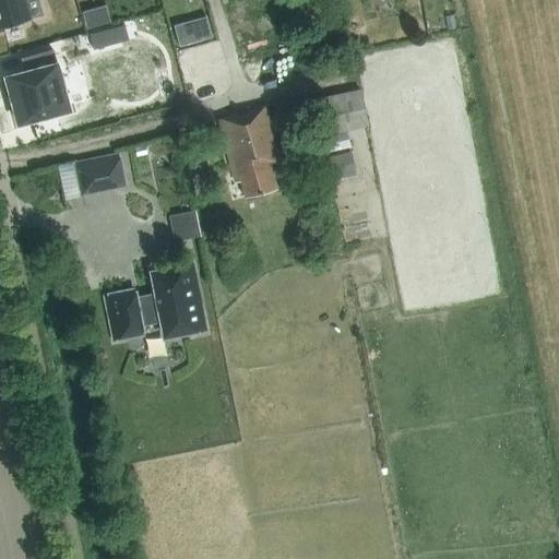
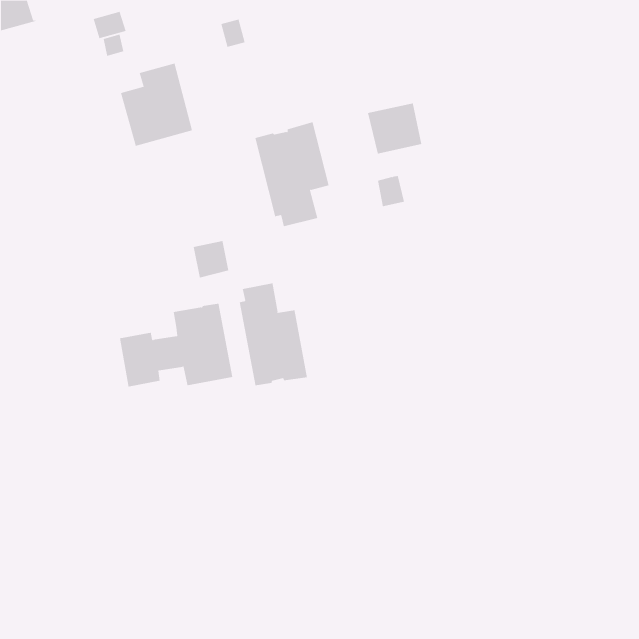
building: [7,51,70,124] -> [120,63,193,147]
building: [78,155,124,192] -> none
building: none -> [239,283,307,386]

